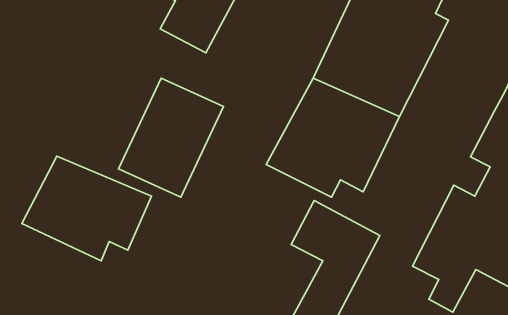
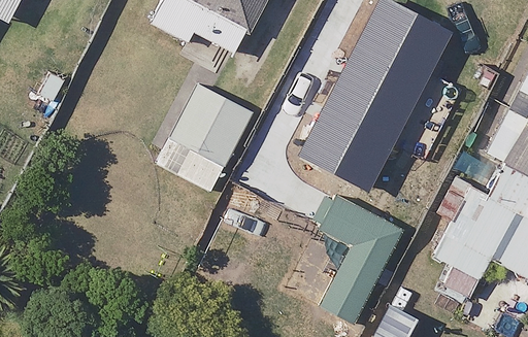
building: [22,156,152,261] -> none

